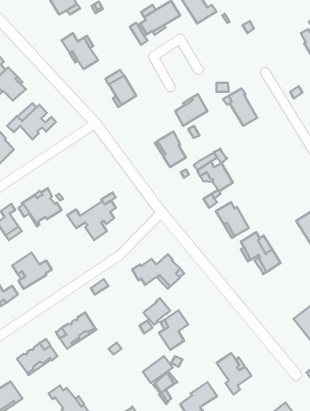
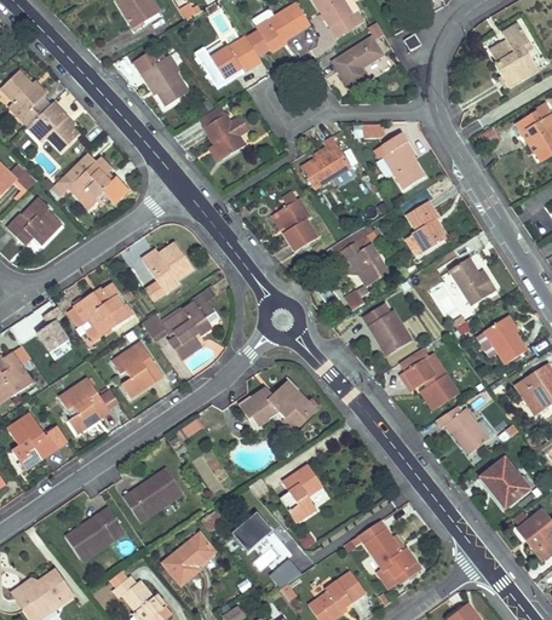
building: none -> [333,36,383,86]
building: none -> [211,41,252,79]
building: none -> [407,201,447,256]
building: none -> [142,242,194,300]
building: none -> [442,258,496,305]
building: none -> [113,341,163,397]
building: none -> [436,403,491,454]
building: [144,298,170,325] -> [234,512,274,552]
building: none -> [162,532,217,585]

